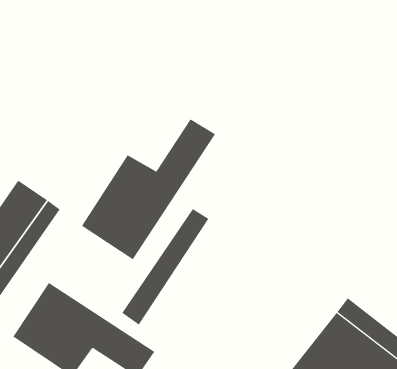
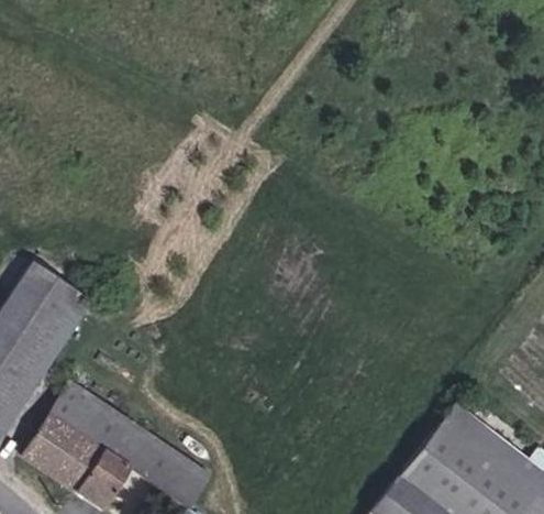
building: [81,119,216,260] -> none
building: [122,208,209,325] -> none

